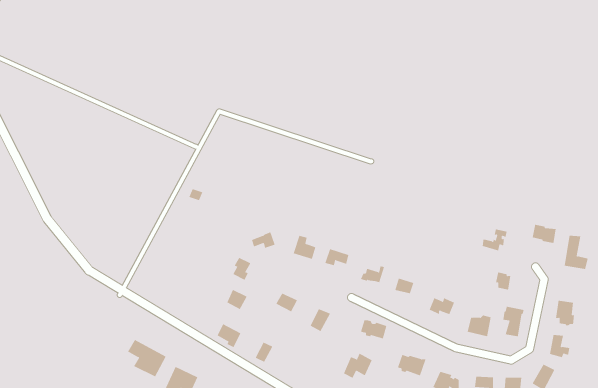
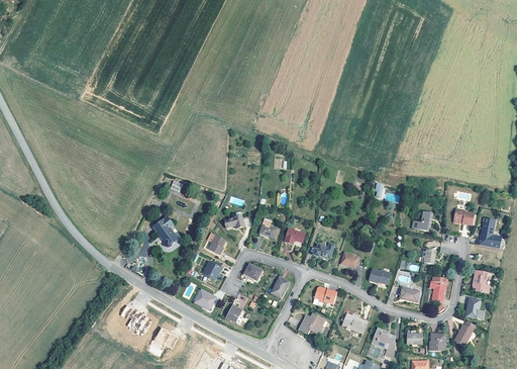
building: none -> [150,217,176,248]

